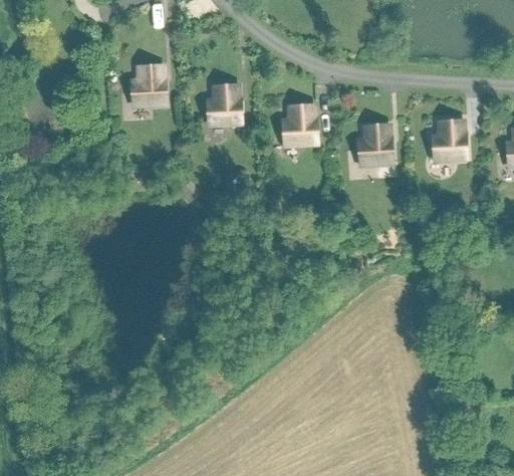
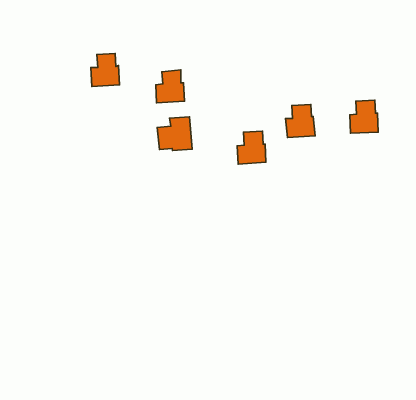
building: [283,103,316,142] -> [237,131,266,164]
building: none -> [157,117,192,150]

